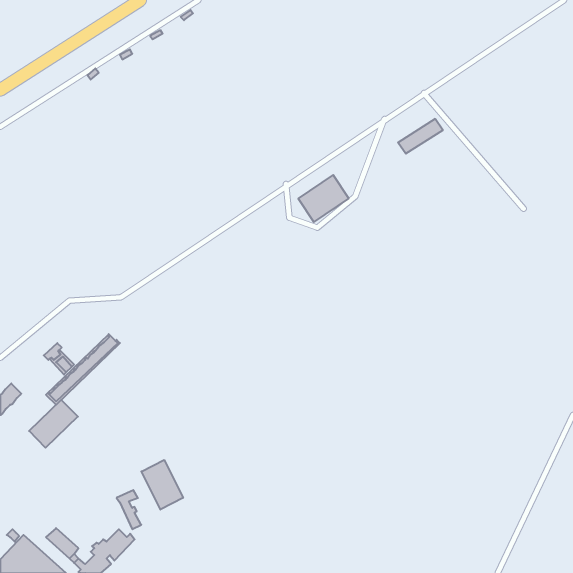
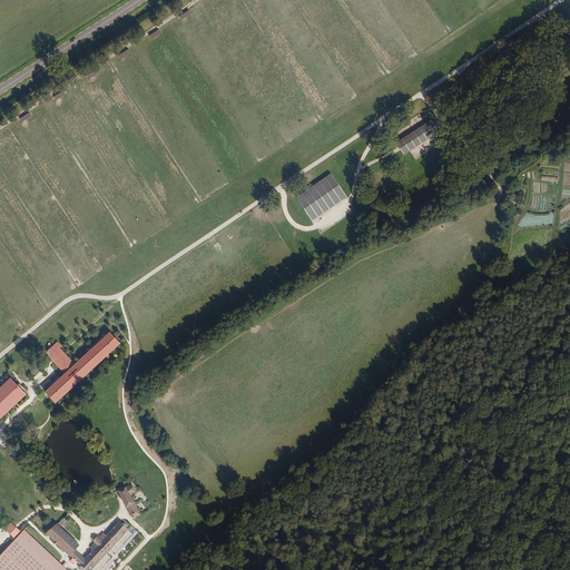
building: [29,400,78,448] -> none
building: [141,460,183,510] -> none

